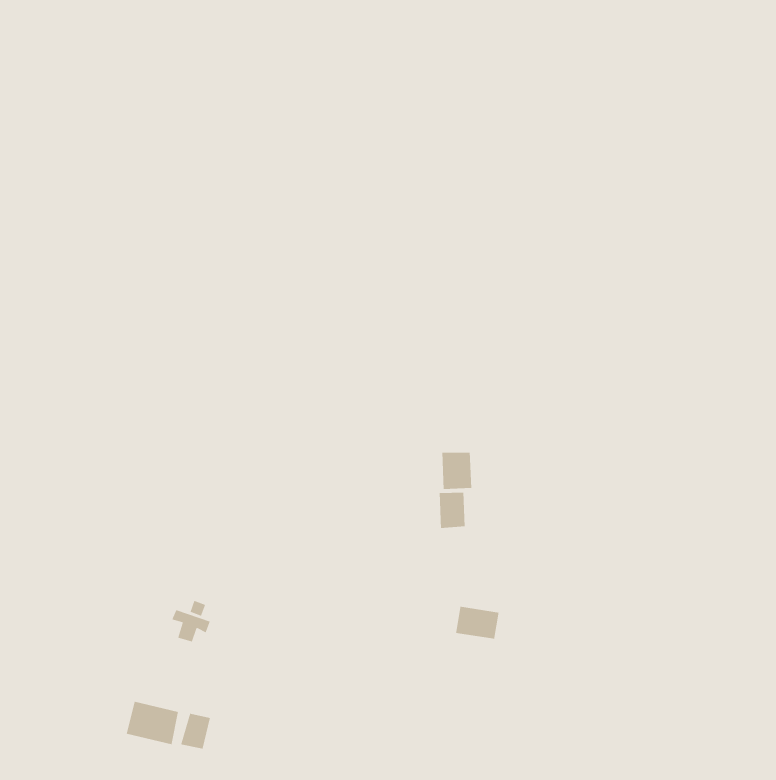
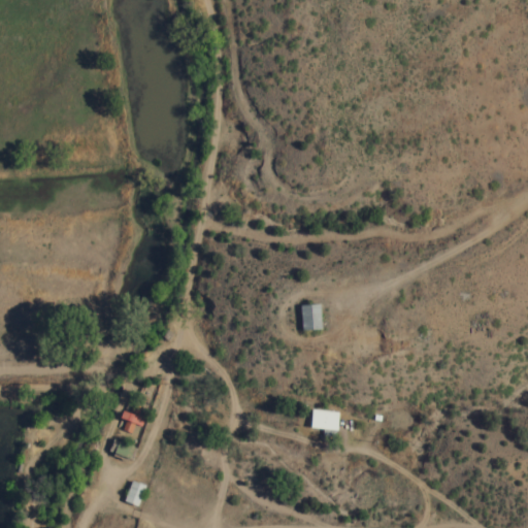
building: [439,492,465,529] -> none
building: [126,701,179,745] -> none

